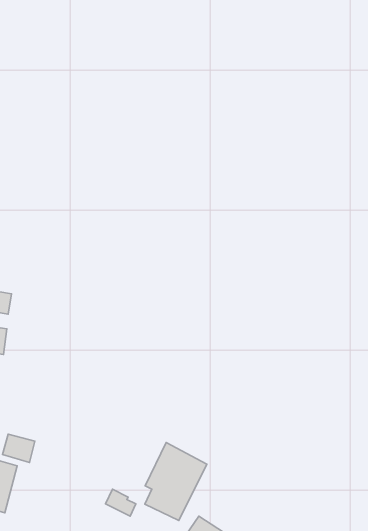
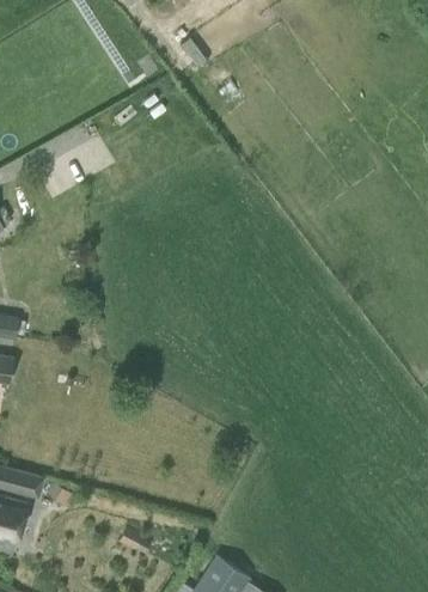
building: [145,443,207,521] -> none

